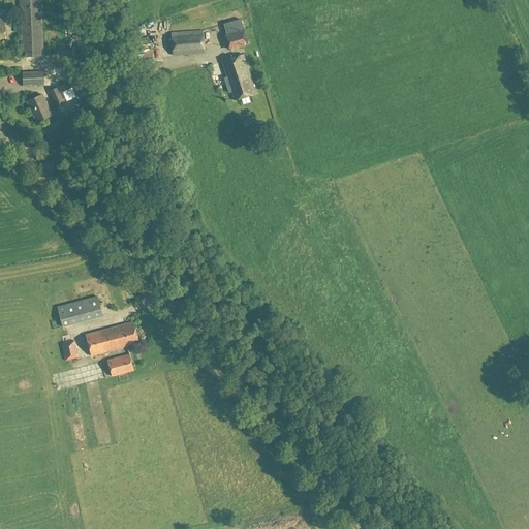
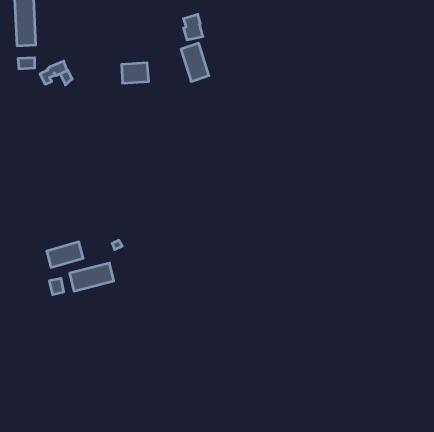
building: [170,29,204,54] -> [122,63,149,83]
building: [27,93,52,121] -> none
building: [106,353,133,375] -> none

